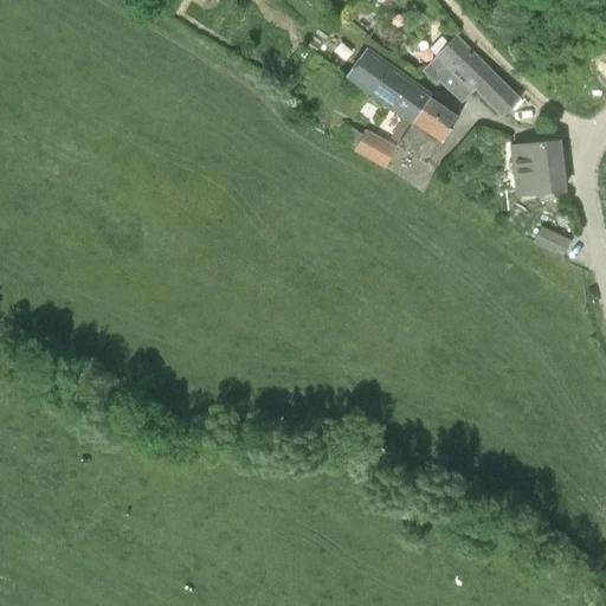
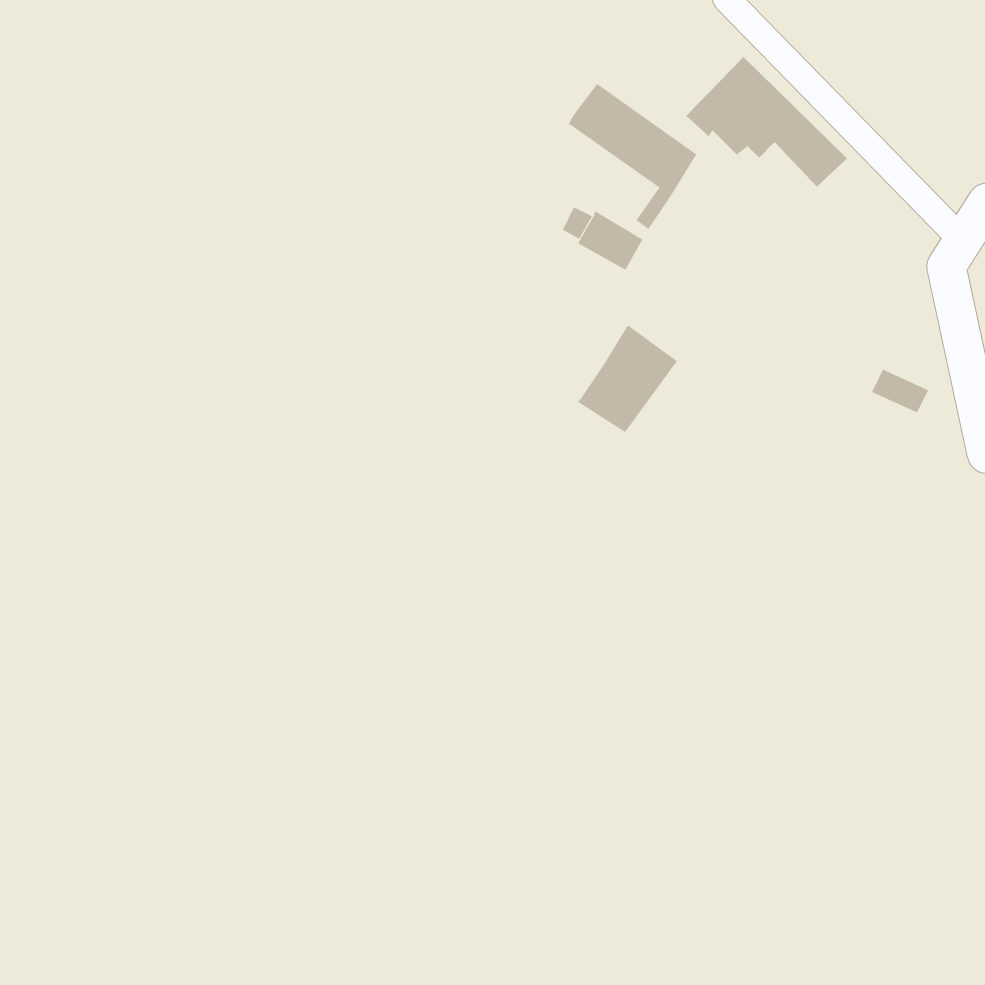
building: [398,95,459,161] -> [577,325,678,433]
building: [512,140,565,194] -> none

